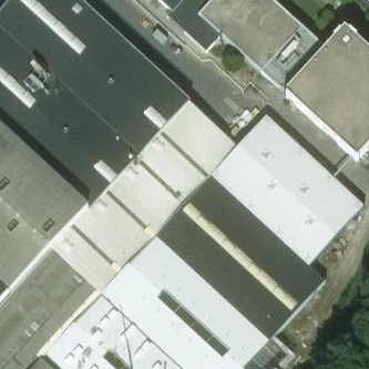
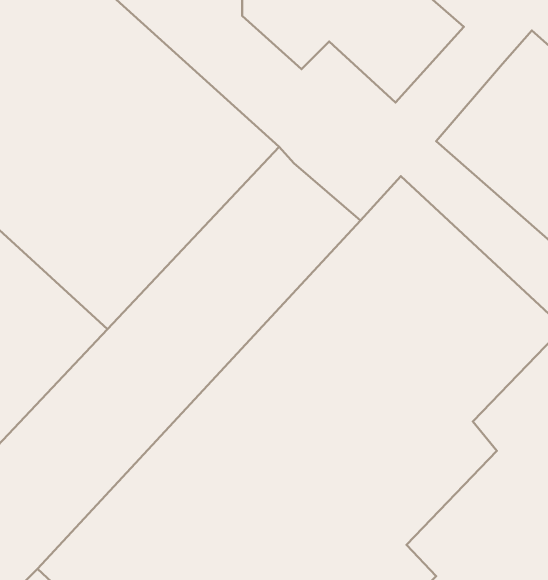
building: [260,25,325,94] -> none

